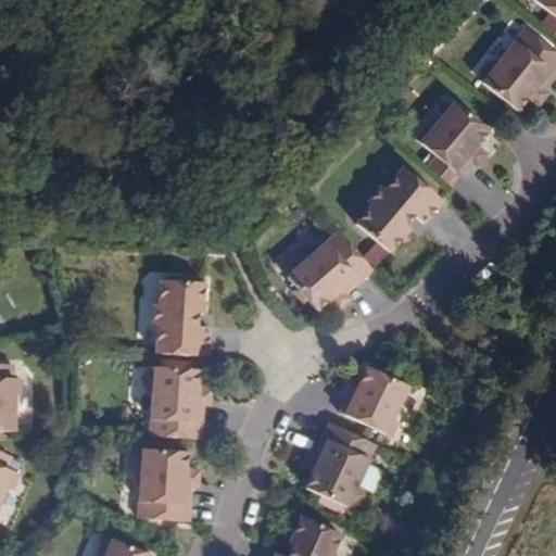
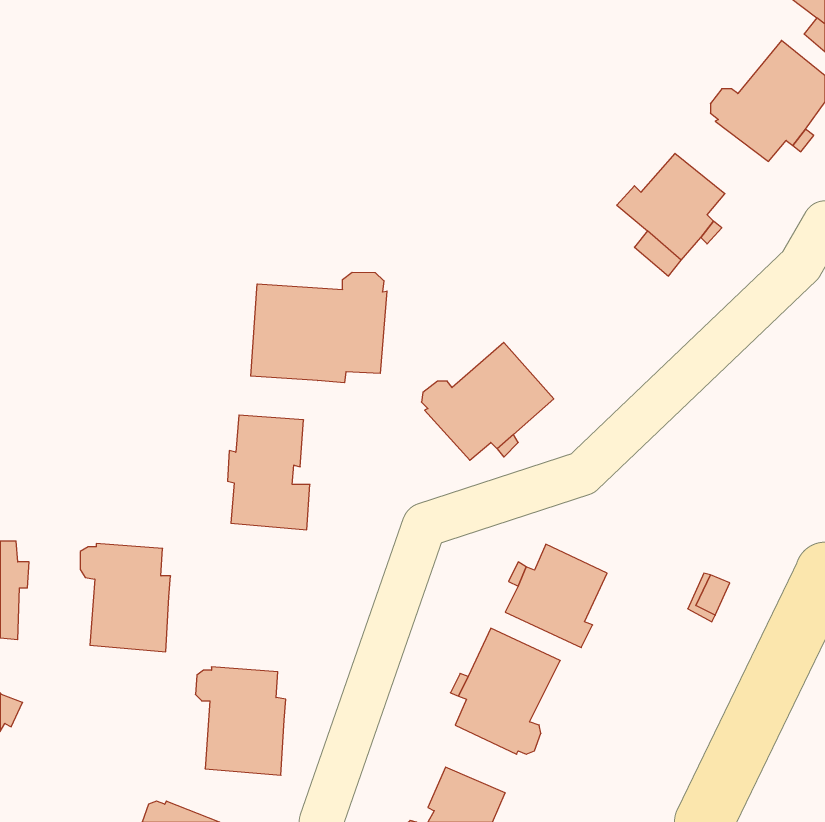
building: [355,166,442,252] -> none
building: none -> [251,272,387,383]
building: [143,366,204,439] -> [80,544,171,652]

